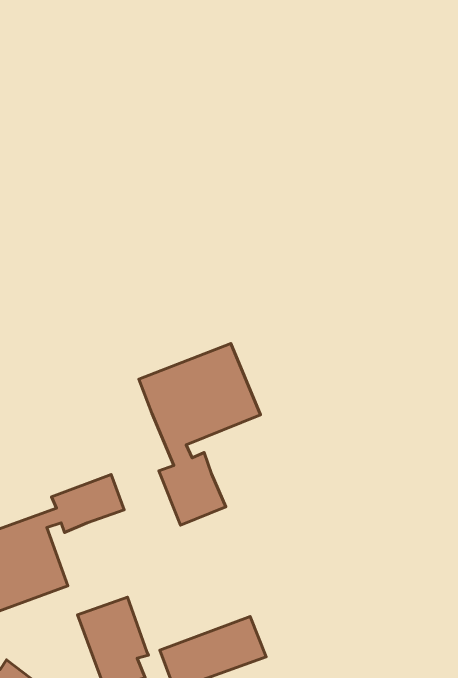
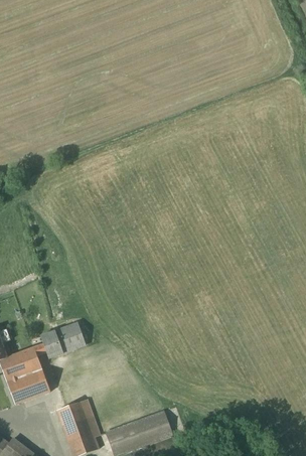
building: [139,344,260,525] -> none

